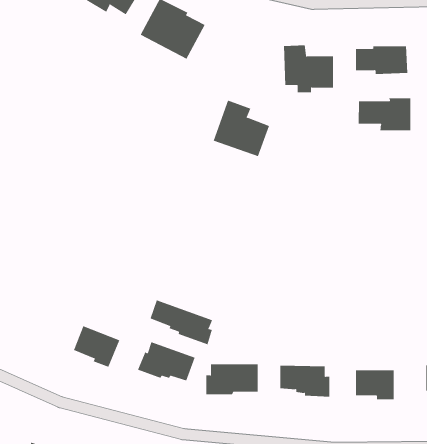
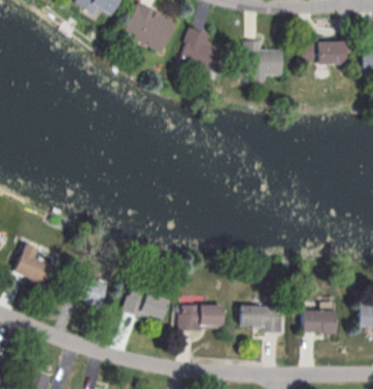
building: [358,98,411,131] -> none
building: [213,100,270,157] -> [178,27,226,74]
building: none -> [12,245,53,288]
building: [150,299,213,345] -> none

